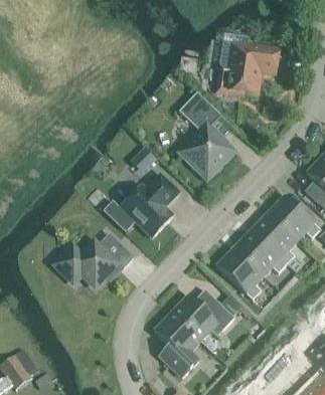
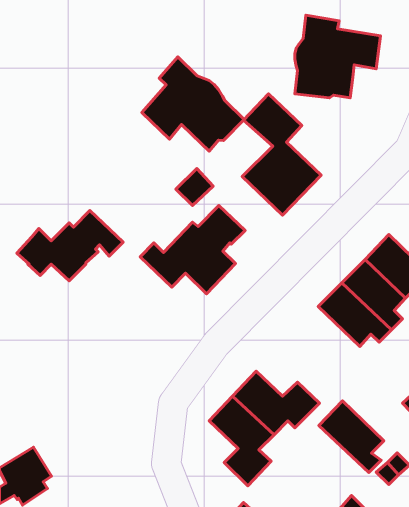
building: none -> [142,57,244,151]
building: [55,233,133,284] -> [17,210,123,281]
building: [215,246,263,299] -> [319,401,384,473]

